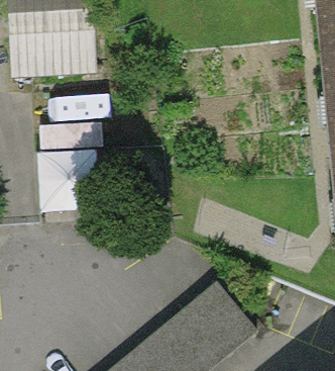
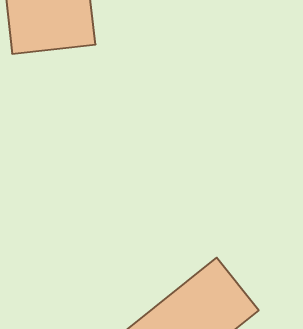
building: [43,106,105,195] -> none

